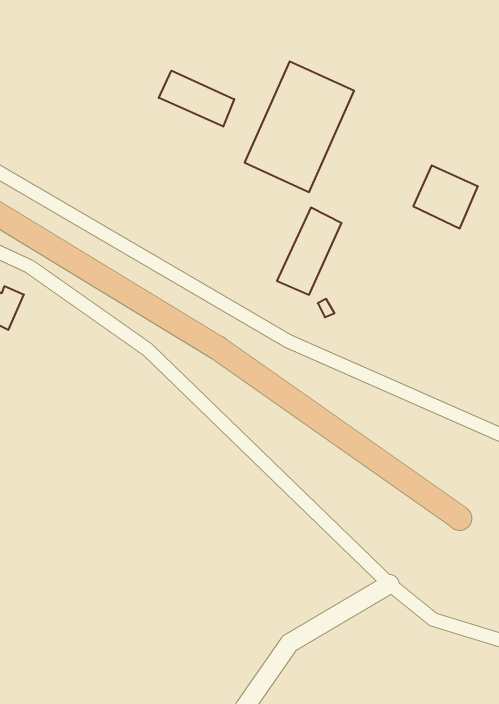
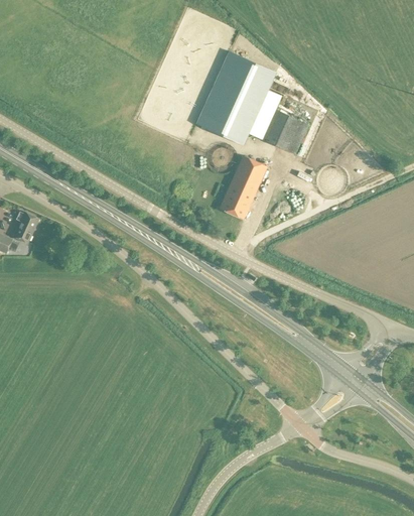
building: [159,71,234,127] -> none
building: [413,165,478,229] -> [262,109,308,154]

